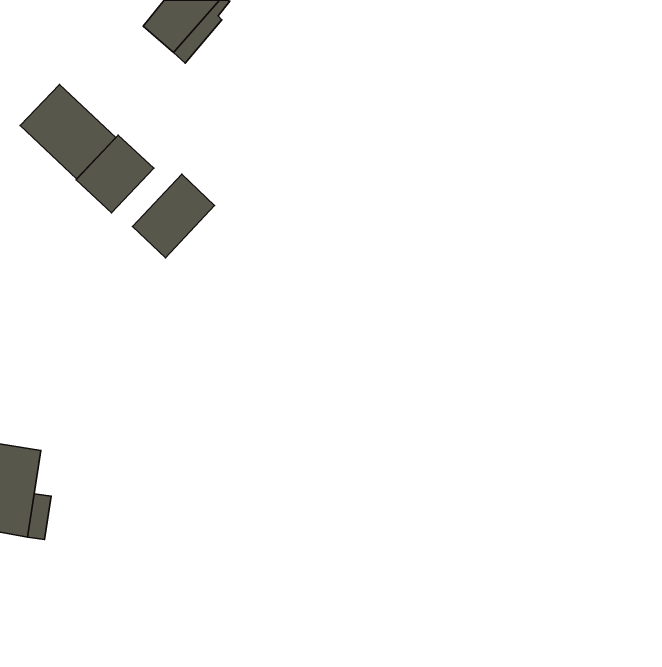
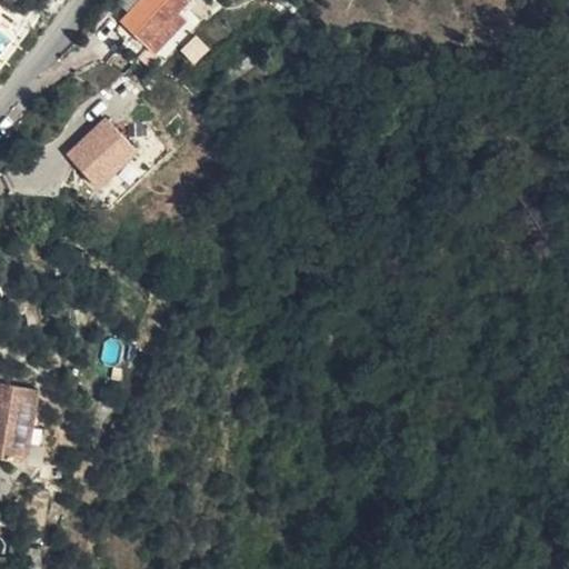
building: [20,84,116,179] -> none
building: [133,174,214,258] -> none

